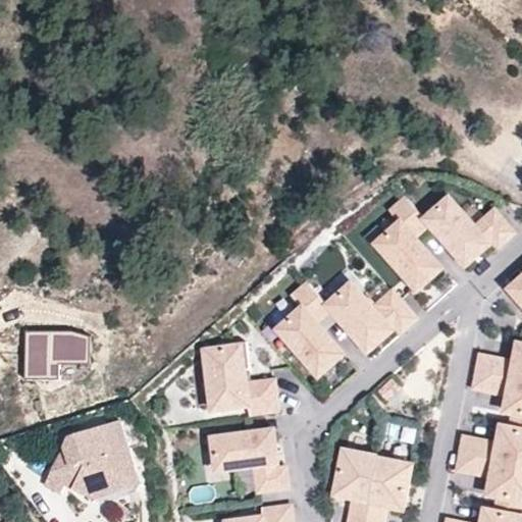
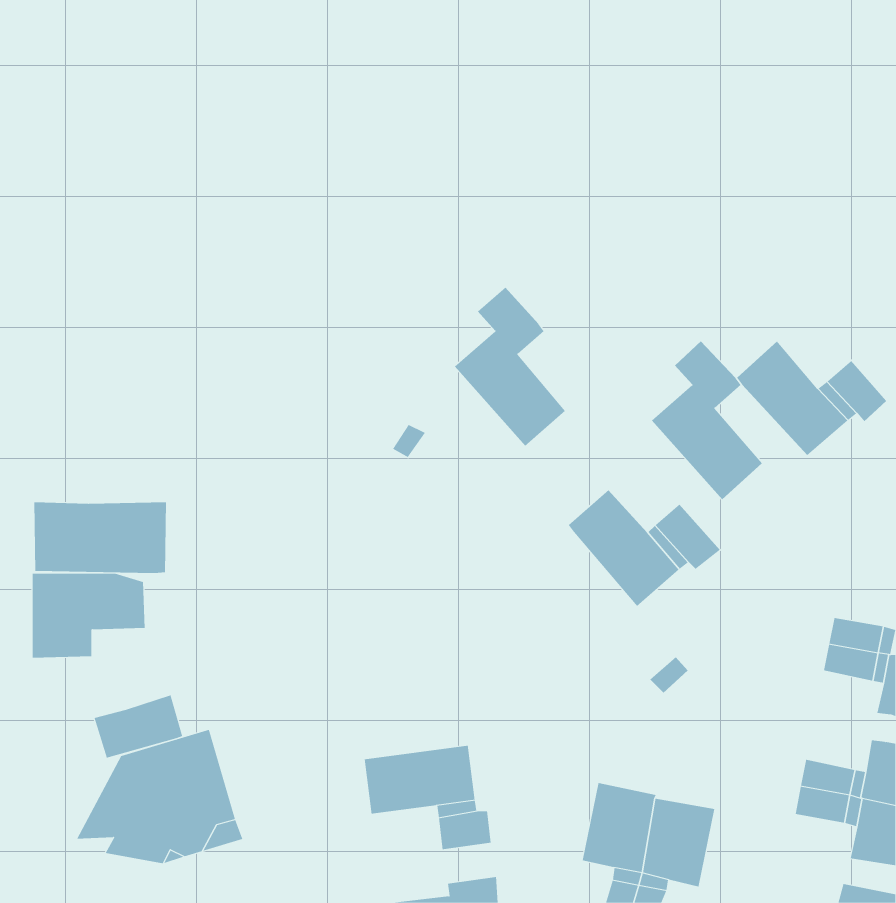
building: [277,280,342,372] -> [454,287,566,446]
building: none -> [34,502,166,574]
building: [202,345,273,416] -> none
building: none -> [94,695,183,758]

